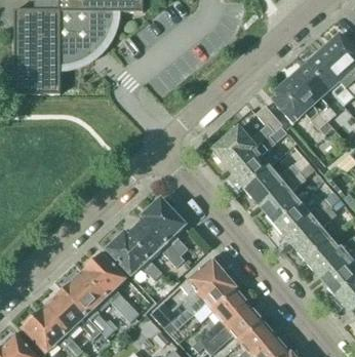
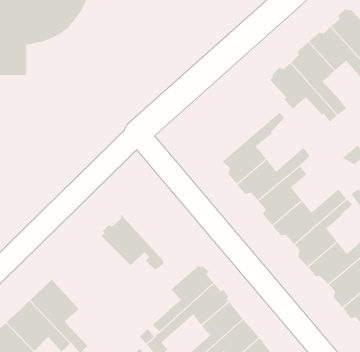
building: [211,105,281,167] -> none
building: [143,199,188,254] -> none
building: [106,231,161,279] -> none
building: [82,251,139,321] -> none

